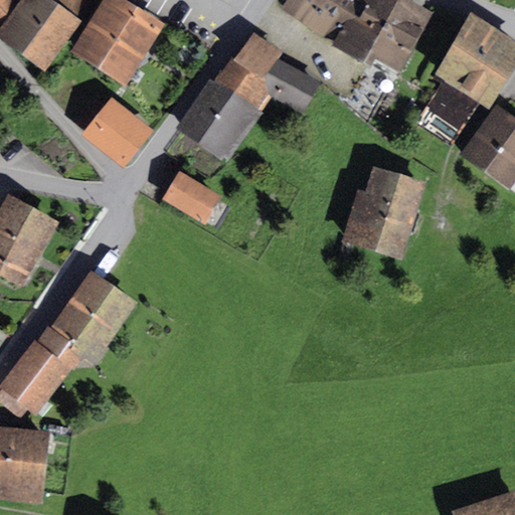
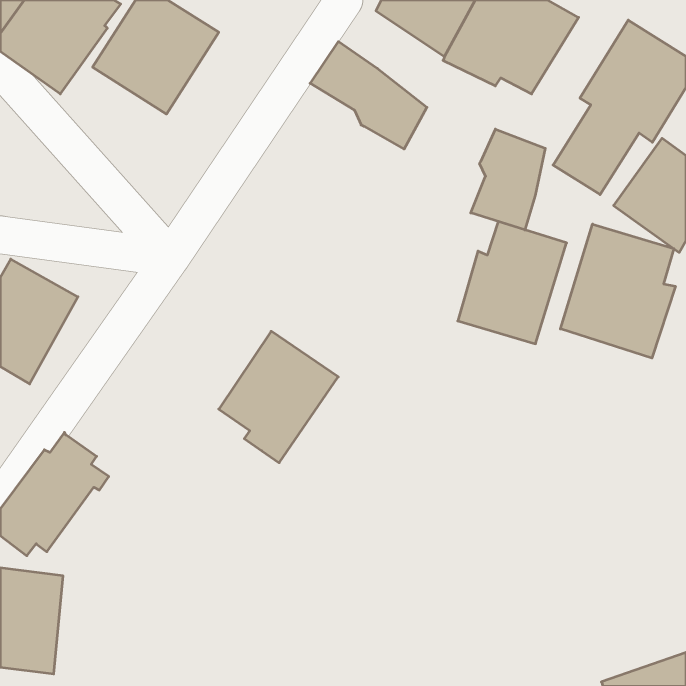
building: [176,59,273,160] -> none
building: none -> [471,129,545,230]
building: [81,98,153,167] -> none
building: none -> [560,224,675,358]
building: [163,170,222,224] -> none
building: [49,268,139,366] -> [219,331,338,463]

